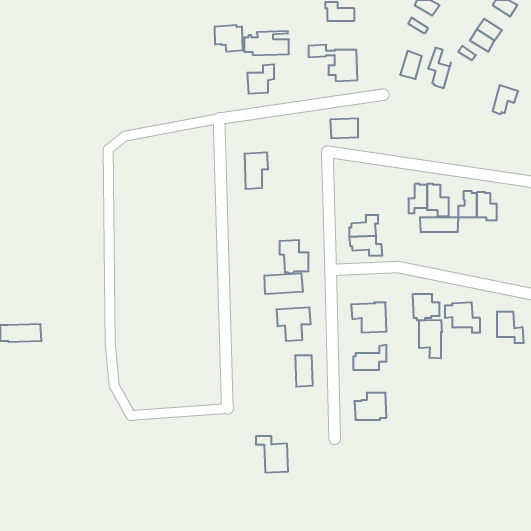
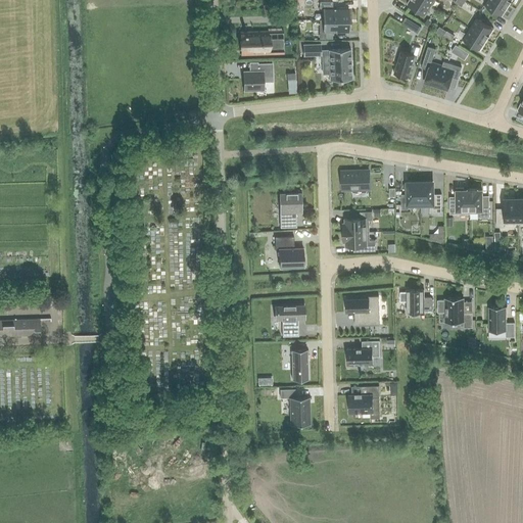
building: none -> [320,20,348,39]
building: [215,25,242,52] -> none
building: [492,85,518,114] -> [436,61,462,90]
building: [330,118,358,138] -> [341,171,369,190]
building: [244,153,268,189] -> [279,192,302,228]
building: none -> [497,197,518,227]
building: [420,217,458,232] -> none
building: [265,273,303,294] -> none
building: [419,320,442,358] -> none
building: [256,436,288,473] -> [280,389,312,425]

